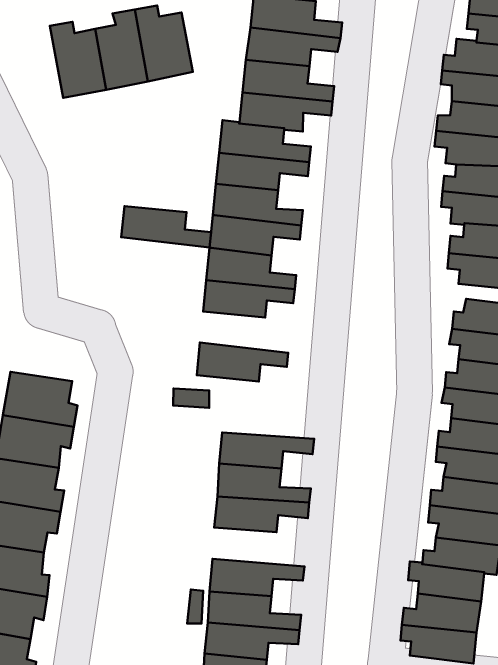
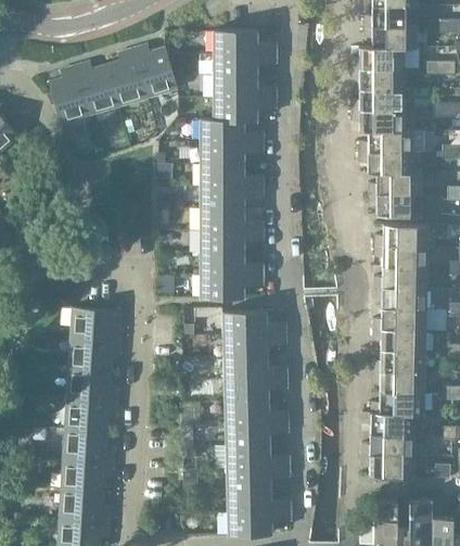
building: none -> [48,65,89,123]
building: [121,206,211,248] -> [201,252,263,275]
building: none -> [221,309,286,334]
building: none -> [223,399,289,422]

